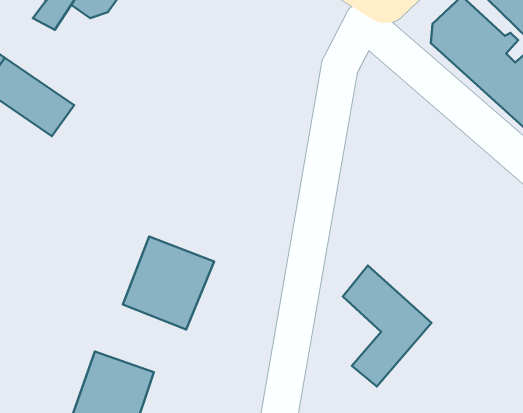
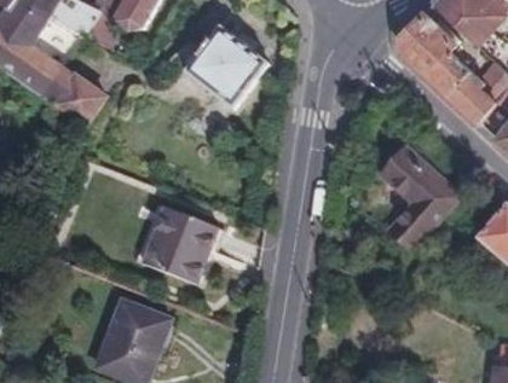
building: none -> [189,25,271,108]
building: [343,265,431,386] -> [383,149,456,248]

